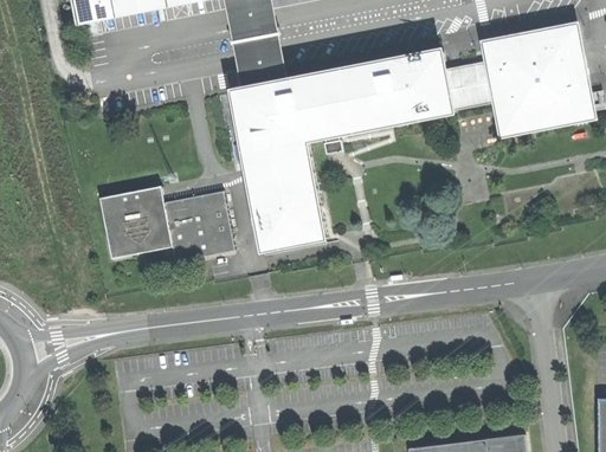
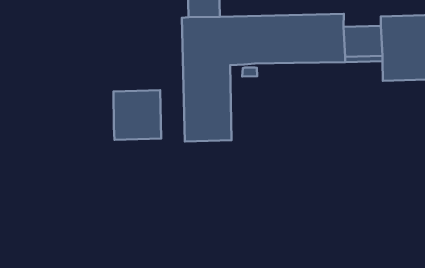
building: [99,186,173,257] -> none

